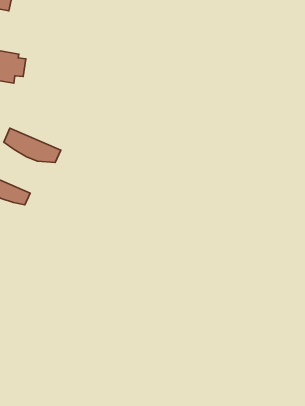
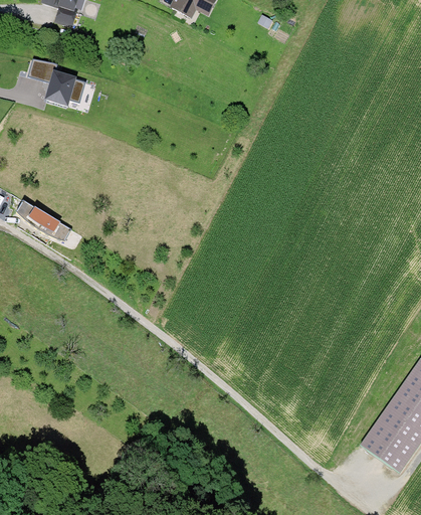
building: [4,128,61,163] -> none

